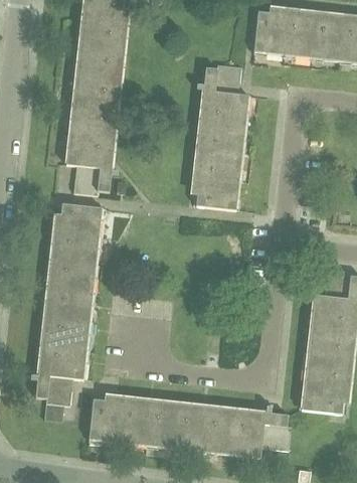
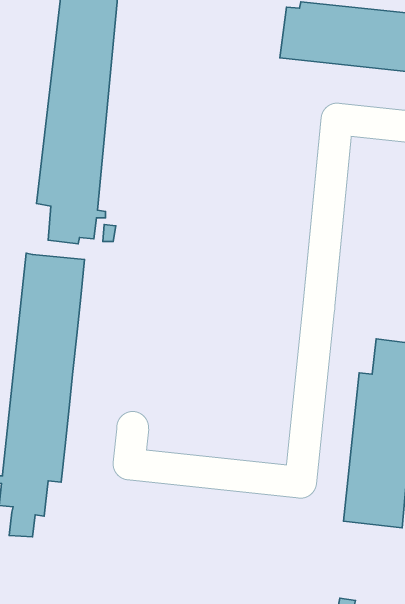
building: [192,63,247,209] -> none
building: [88,391,292,457] -> none

